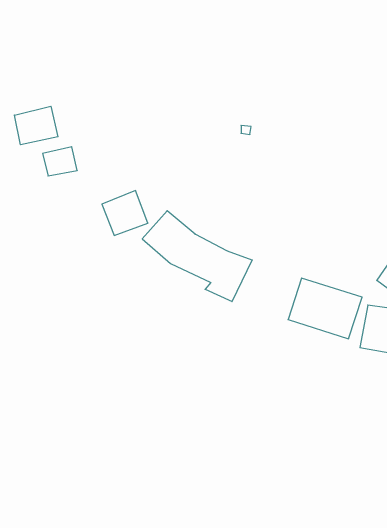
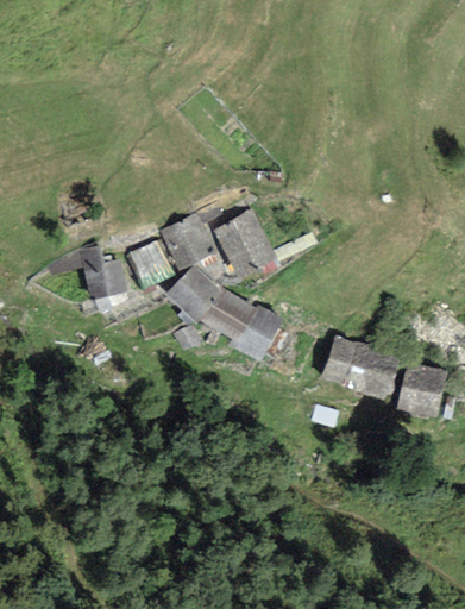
building: [14,106,58,145] -> none
building: none -> [162,203,275,269]
building: none -> [80,246,126,299]

